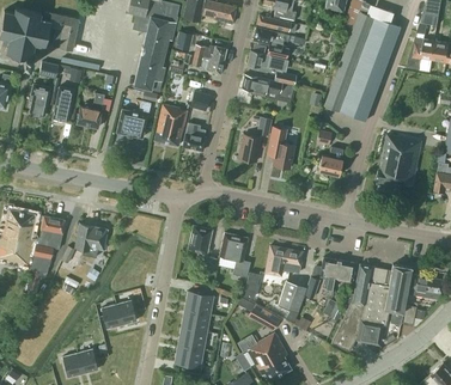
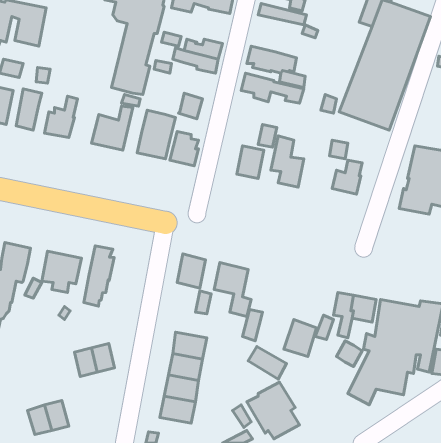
building: [252,26,291,57] -> none
building: none -> [84,246,114,306]
building: [264,245,303,275] -> none

